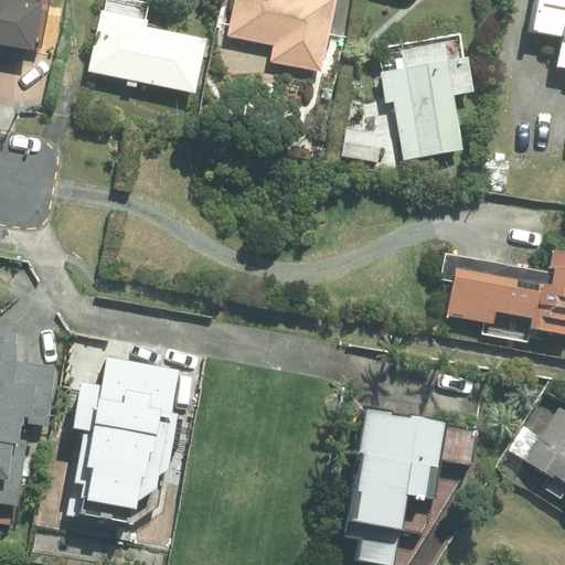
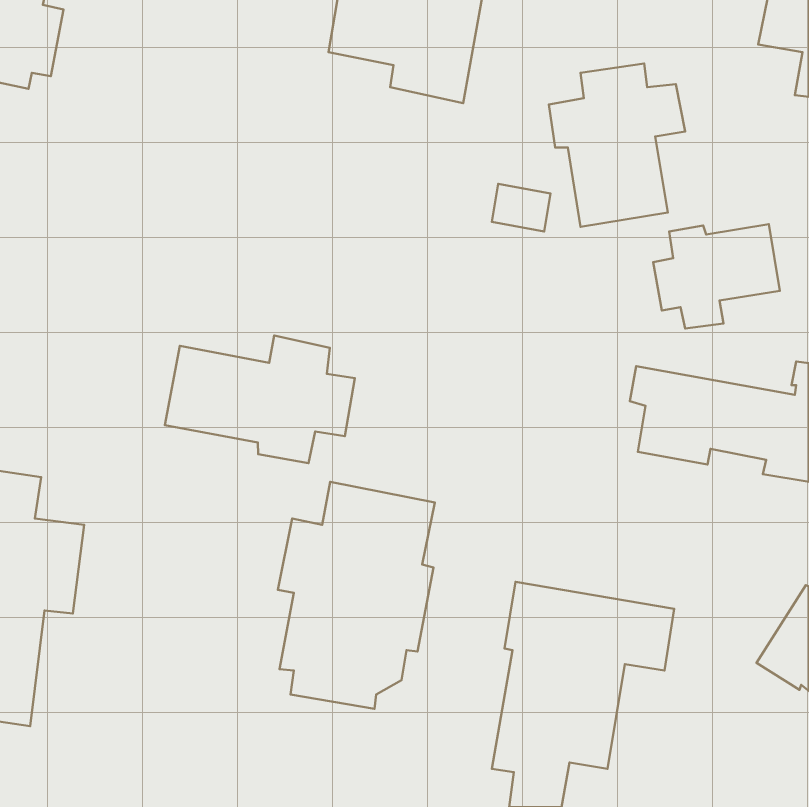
building: [87,11,205,93] -> none
building: none -> [653,224,780,328]
building: none -> [165,336,355,463]
building: [75,353,184,511] -> [278,482,435,709]

